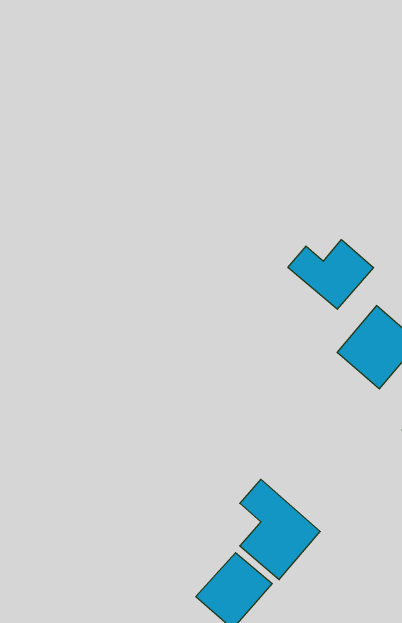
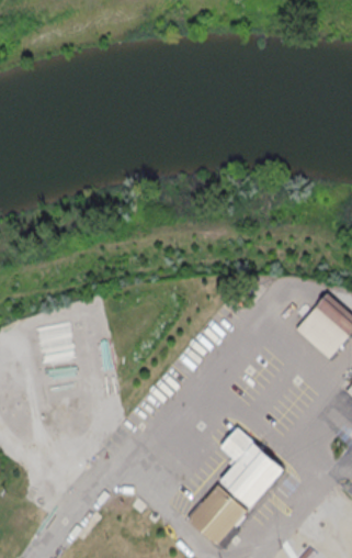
building: [288,240,374,309] -> none

